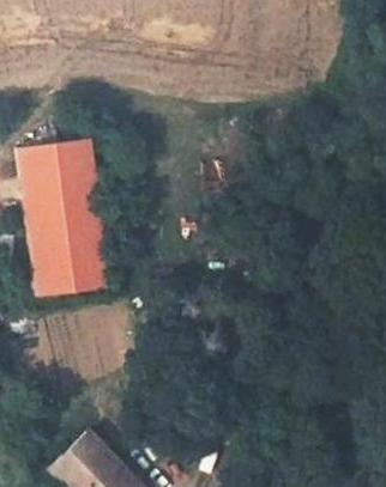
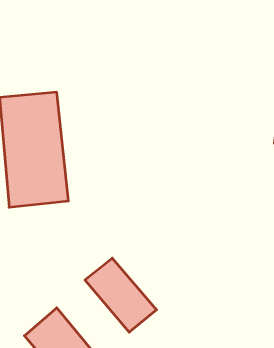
building: none -> [85,258,157,332]

